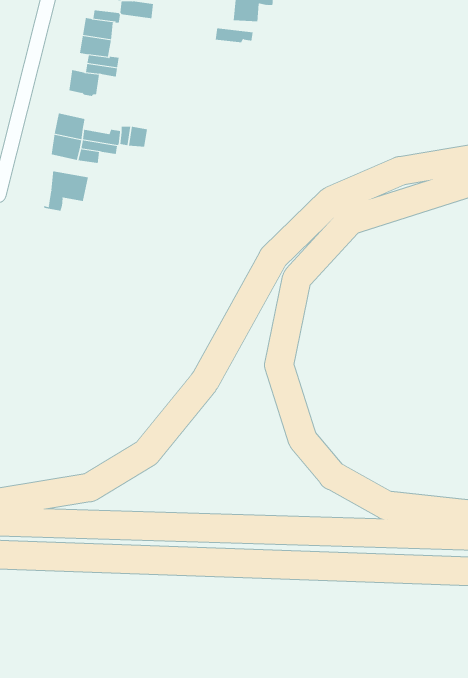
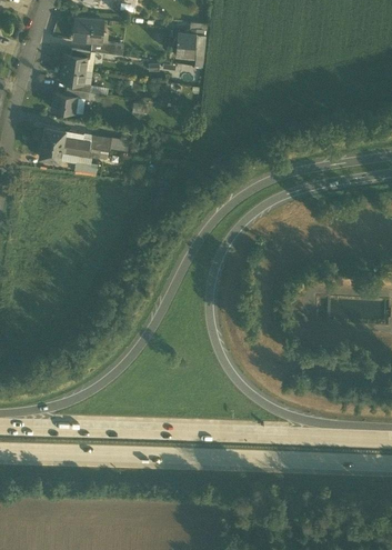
building: [43,171,89,212] -> none

